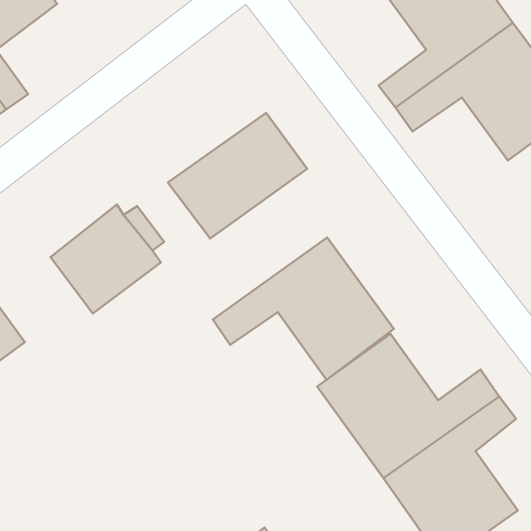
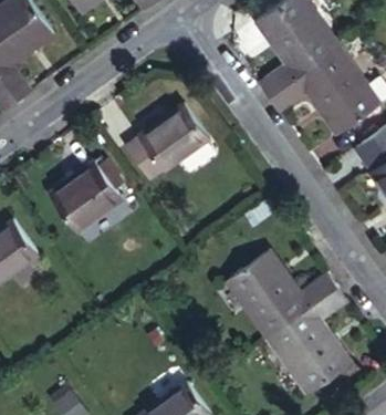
building: [213,237,394,380] -> none

